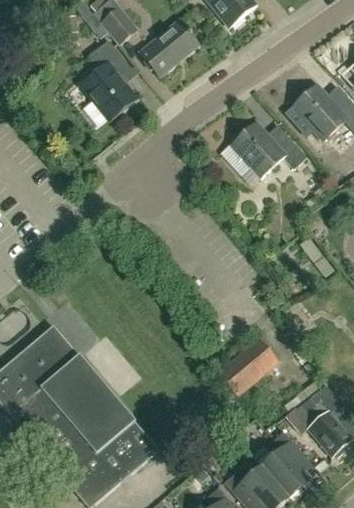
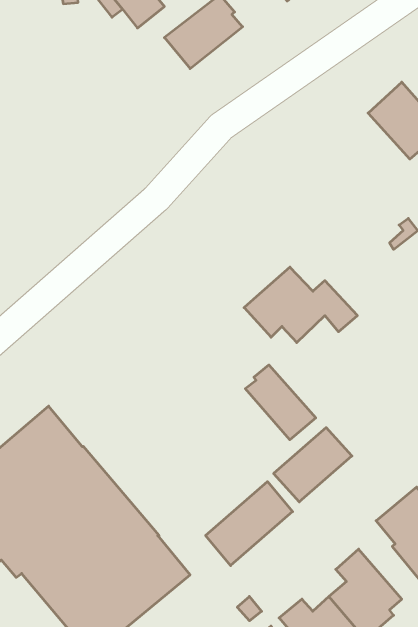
building: [81,38,133,124] -> none
building: [221,121,305,177] -> [244,267,357,343]
building: none -> [245,365,316,440]
building: none -> [206,482,293,566]

